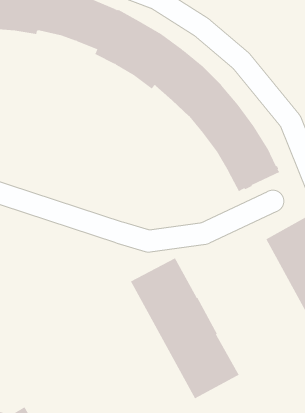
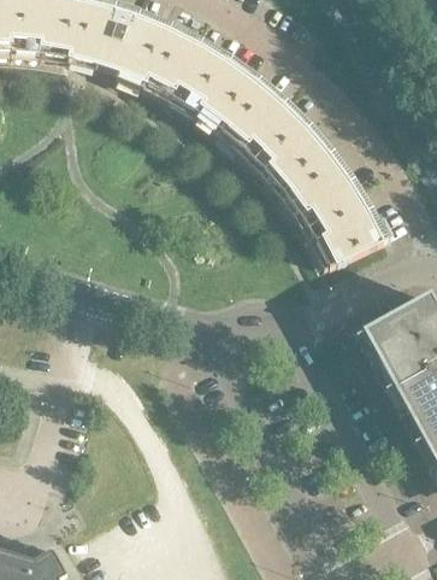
building: [130,257,240,399] -> none

